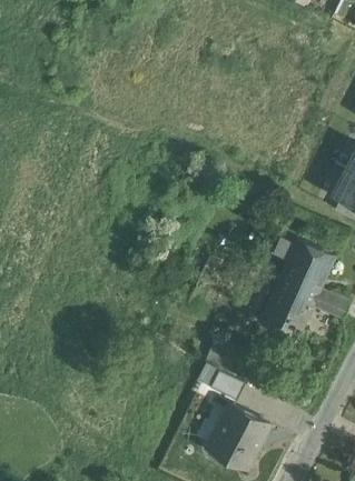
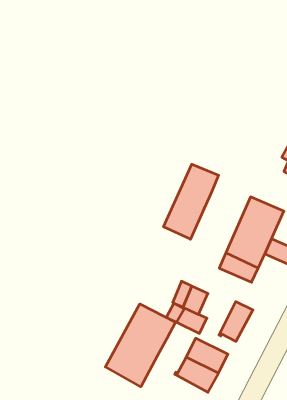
building: none -> [164,164,219,239]
building: none -> [219,302,253,341]
building: none -> [105,304,176,387]

